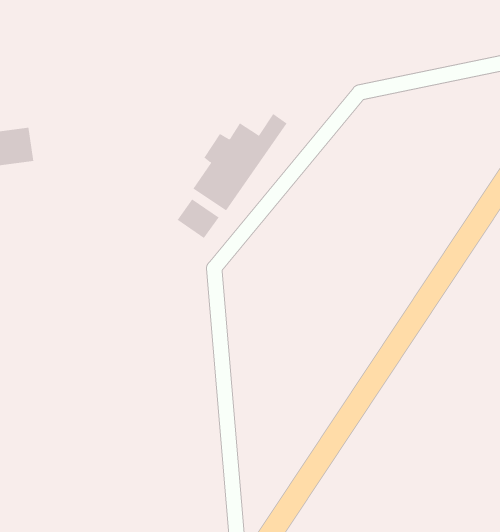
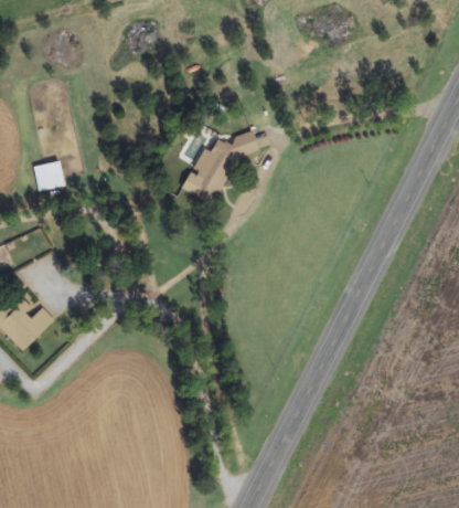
building: [177,198,219,239] -> none

